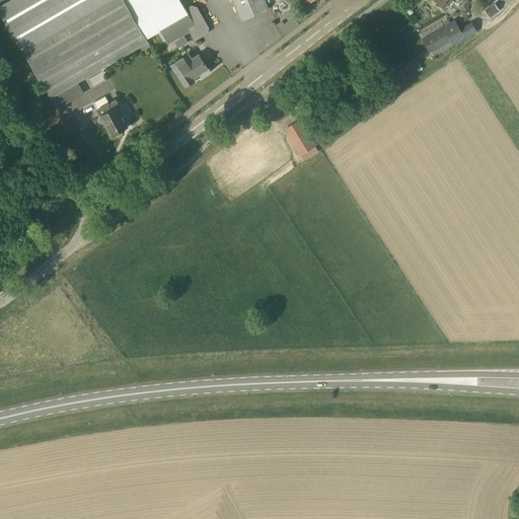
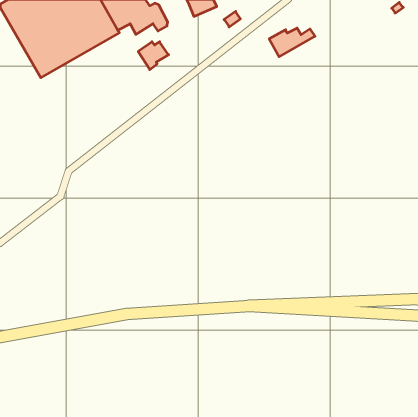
building: [421,20,477,56] -> [269,28,315,57]
building: [93,94,128,134] -> none
building: [286,120,318,154] -> none

